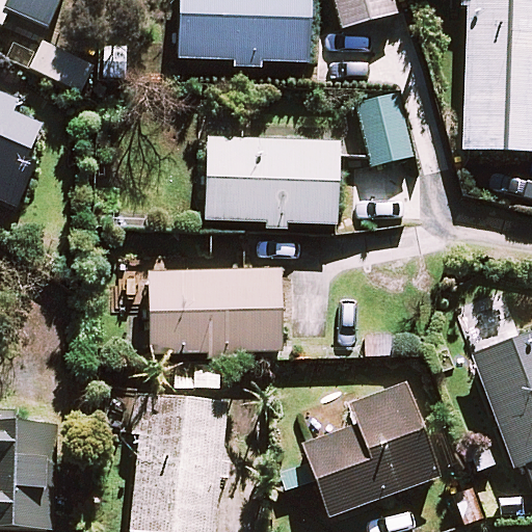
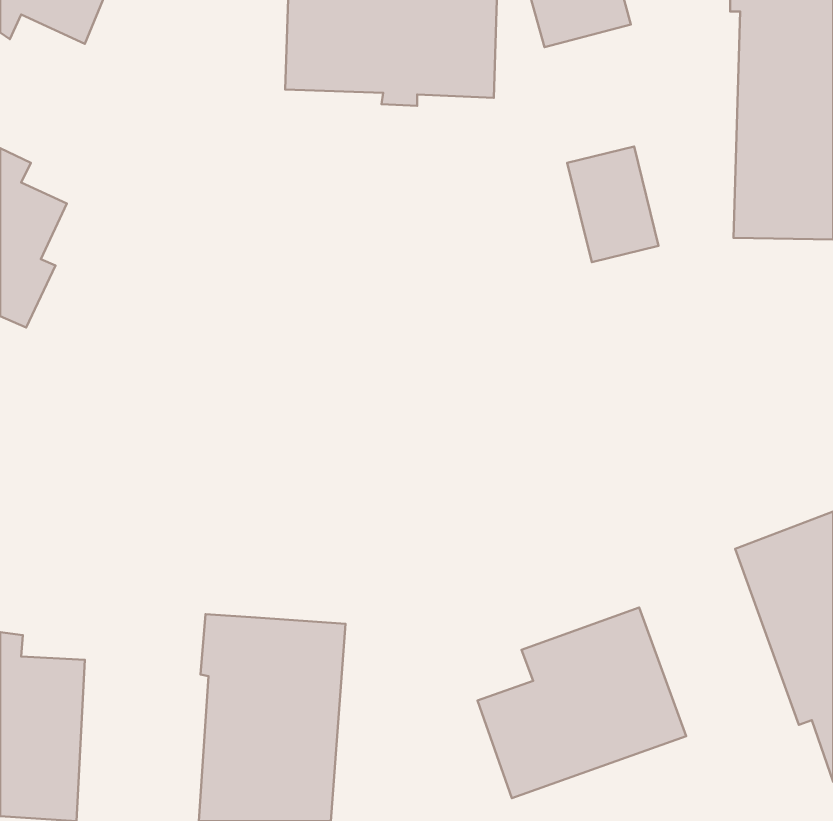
building: [209,137,345,231] -> none
building: [147,268,277,355] -> none

